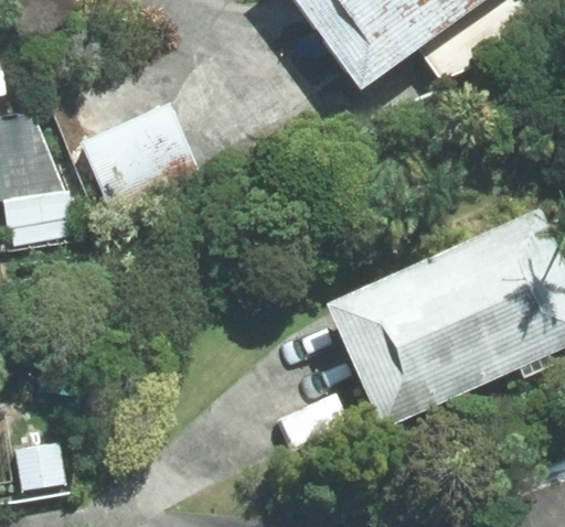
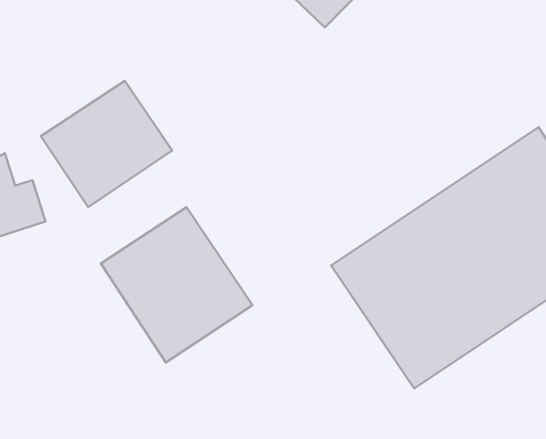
building: none -> [101,207,252,363]

